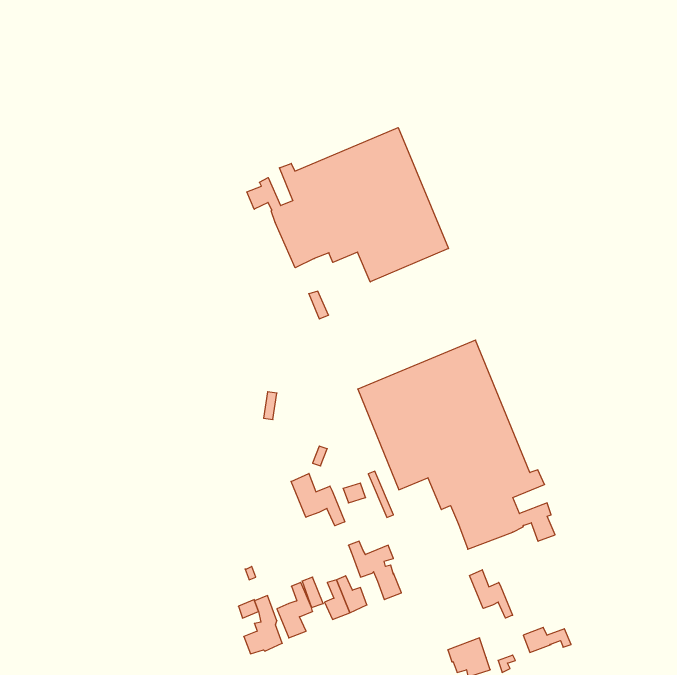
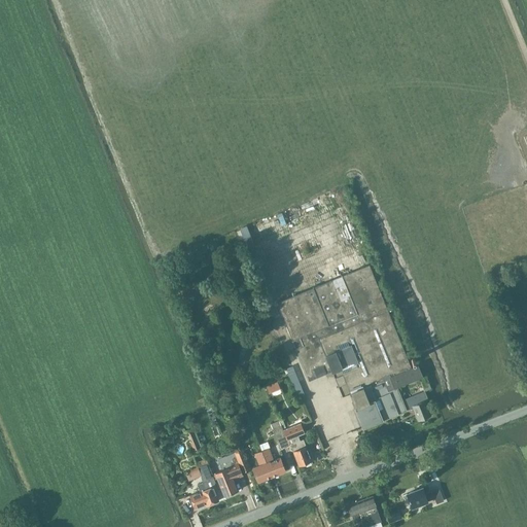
building: [247,128,448,282] -> none
building: [291,473,345,526] -> none
building: [470,570,513,618] -> none

